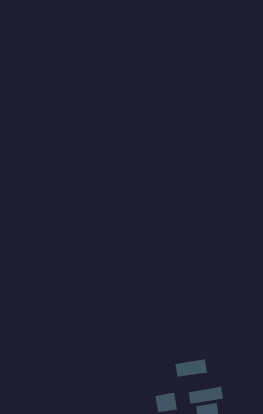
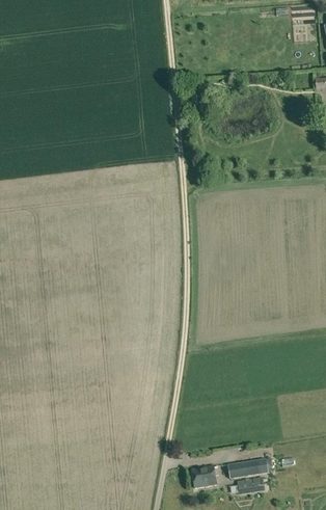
building: [175,358,208,378] -> none

